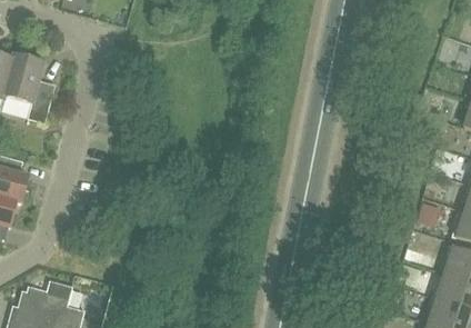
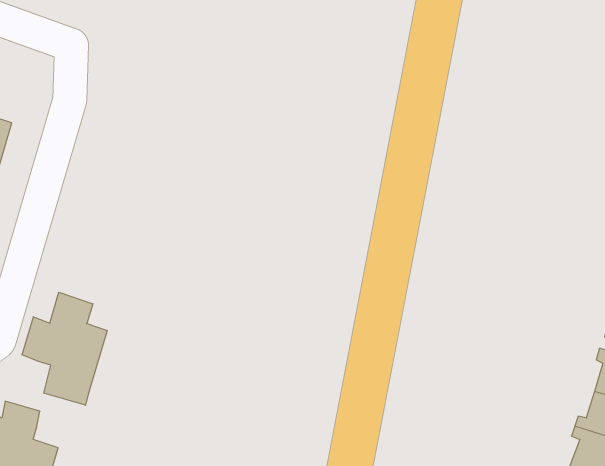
building: none -> [22,292,107,405]

